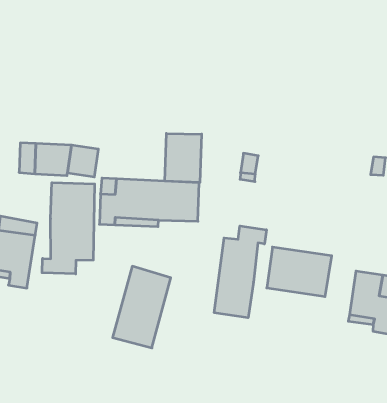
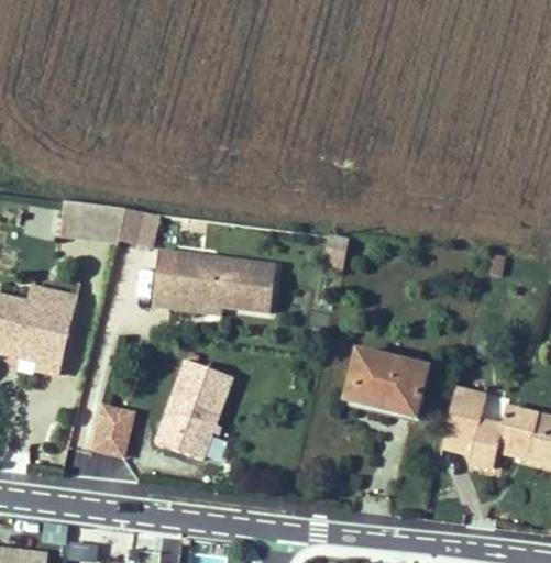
building: [165,133,202,182] -> none
building: [42,183,95,274] -> none
building: [214,226,266,318] -> none
building: none -> [92,405,133,455]

